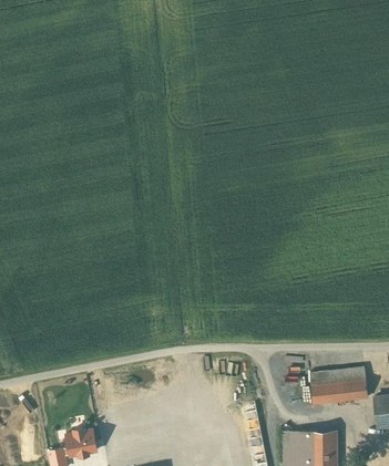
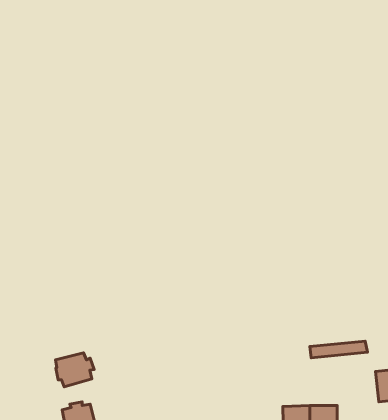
building: [310,379,368,404] -> none
building: none -> [55,353,94,387]

